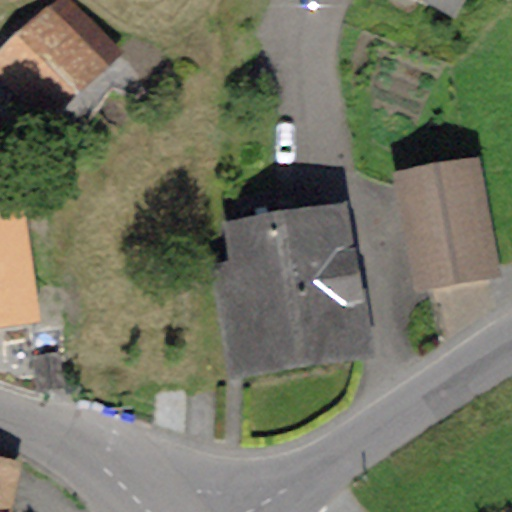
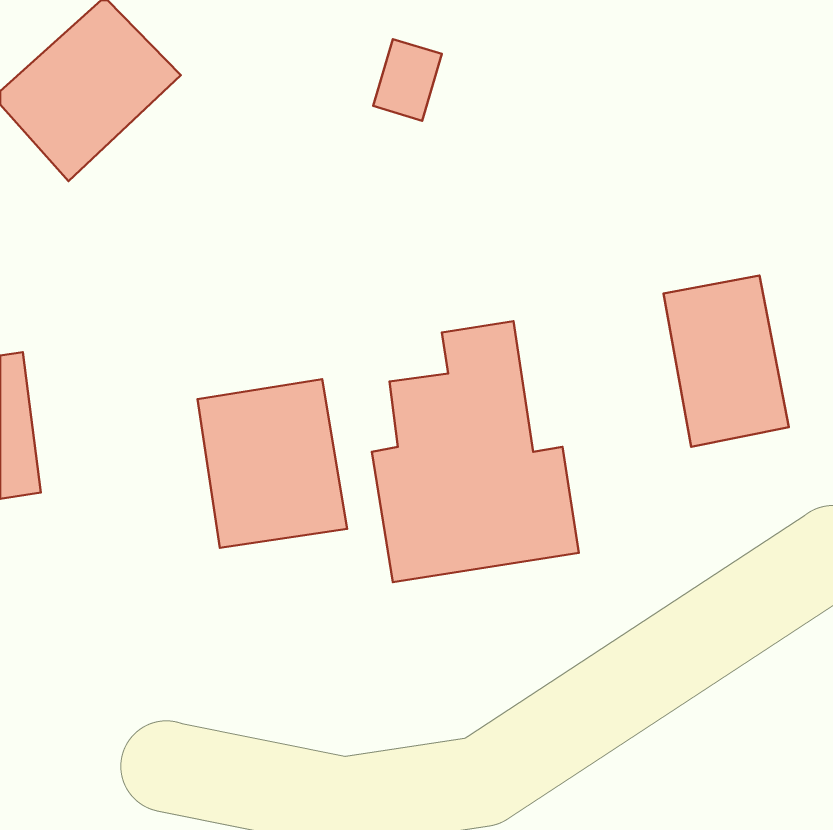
building: none -> [198,379,347,548]

